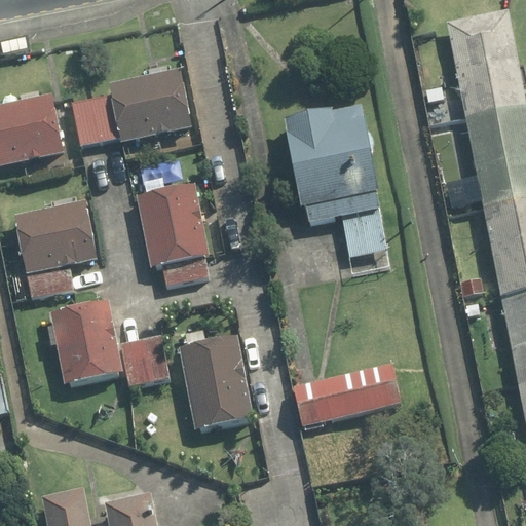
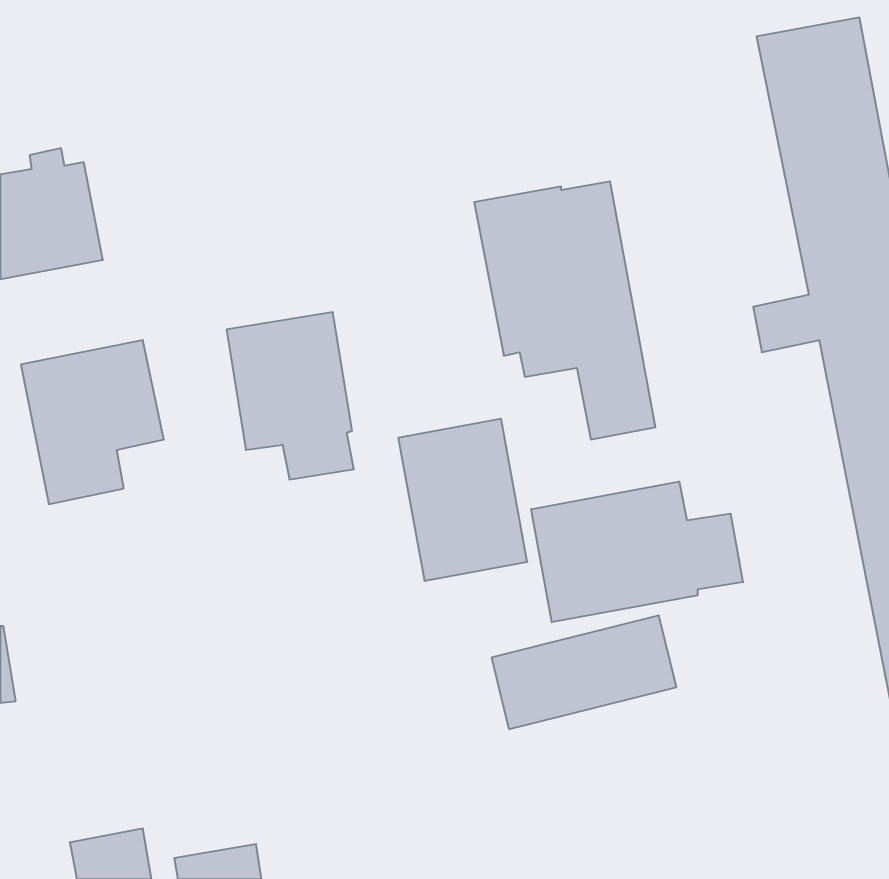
building: [71,68,192,145] -> none
building: none -> [531,481,743,622]
building: [51,302,167,384] -> none
building: [177,335,253,430] -> [398,419,527,581]

